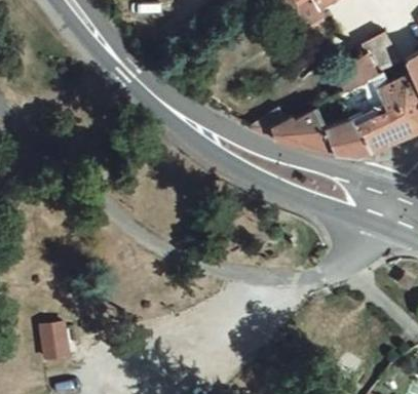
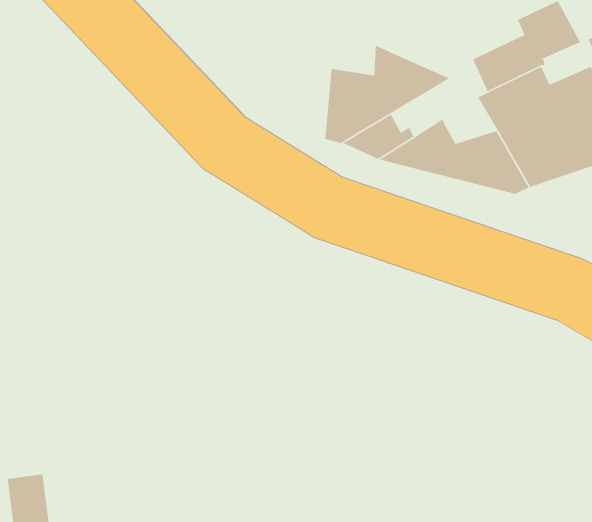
building: none -> [325,45,451,144]

